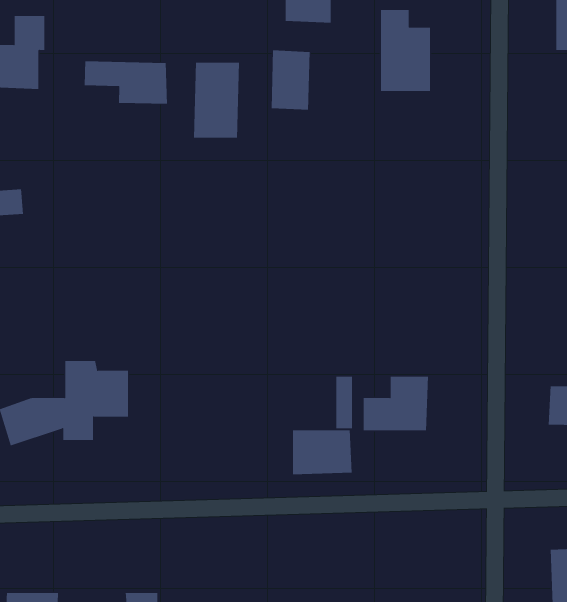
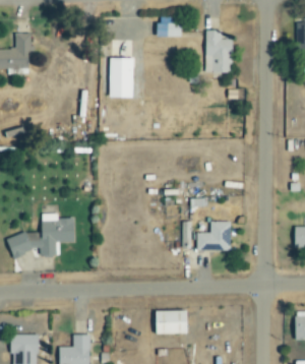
building: [271,50,310,111] -> none
building: [84,60,168,105] -> none
building: [292,430,353,475] -> [156,310,187,333]

